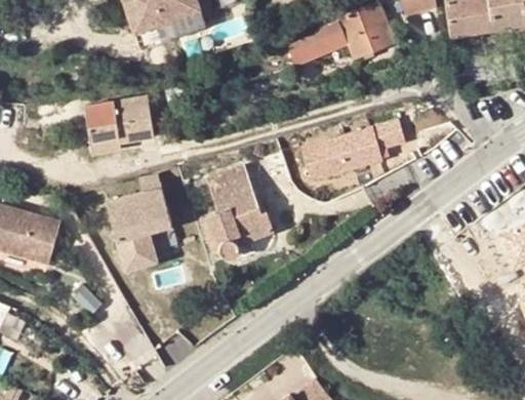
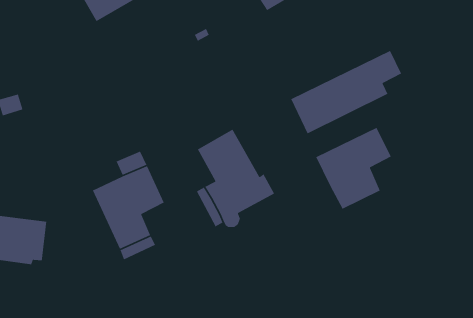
building: [85,98,152,156] -> none
building: none -> [315,127,392,210]

